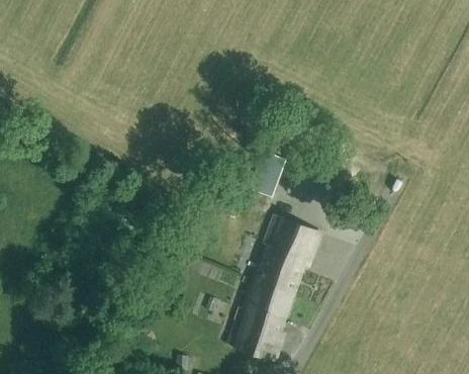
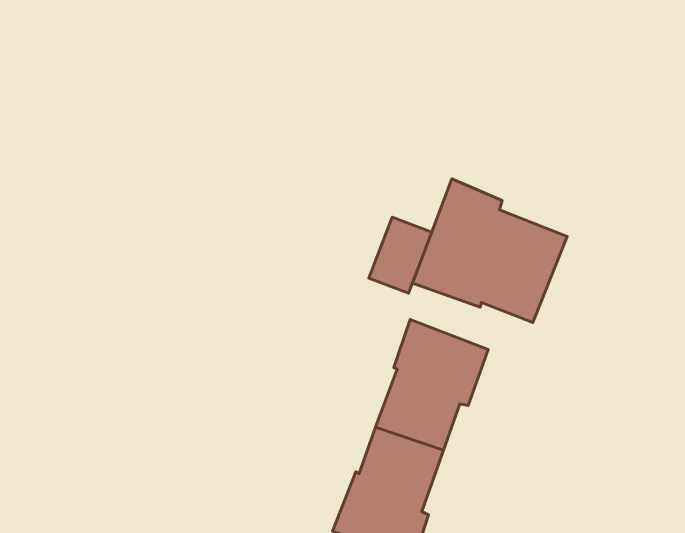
building: none -> [412,179,567,323]

